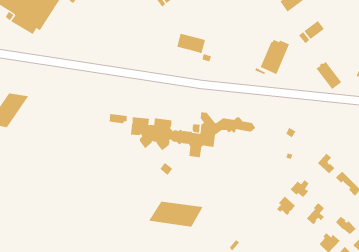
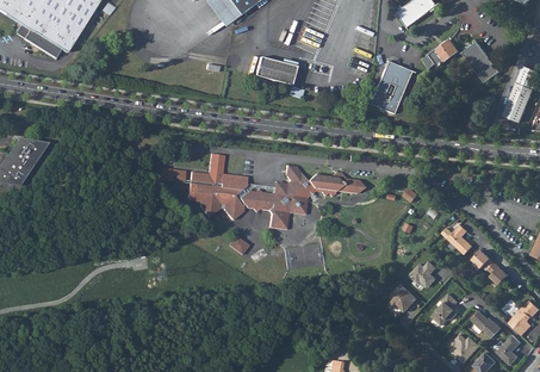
building: [315,61,342,90] -> [464,39,501,80]
building: [148,201,204,227] -> none

